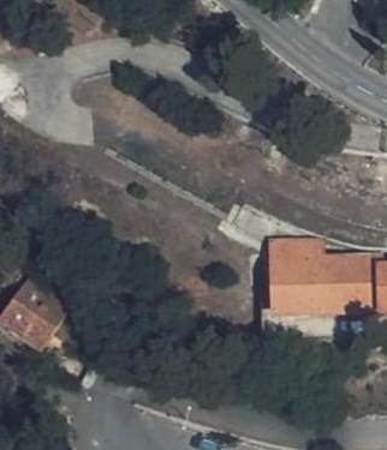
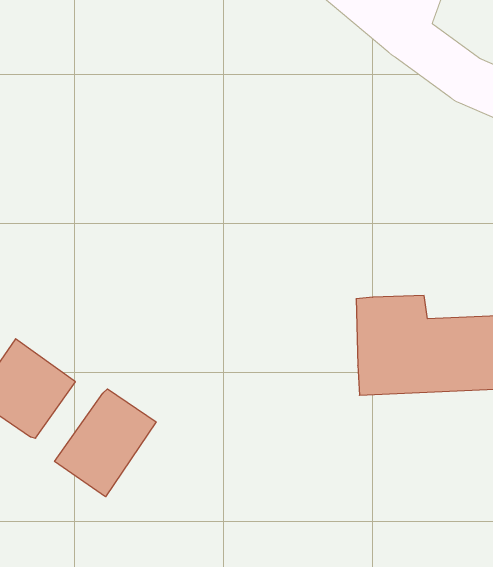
building: none -> [55,389,156,497]

